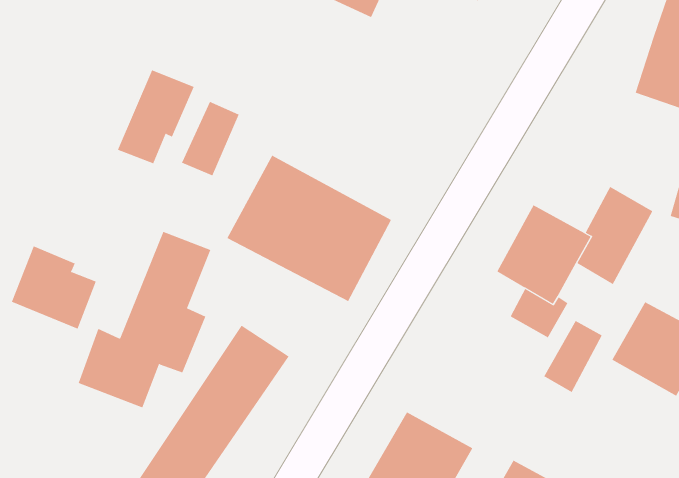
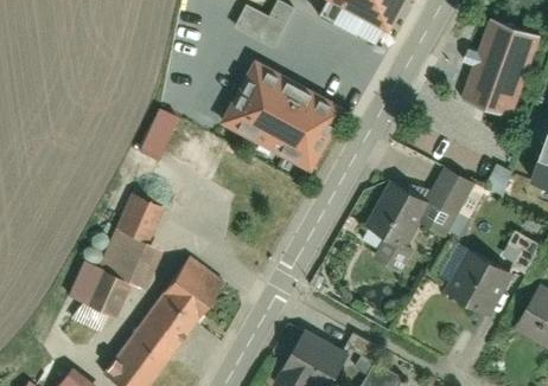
building: [117,69,195,164] -> none
building: [227,155,392,302] -> [219,64,337,168]
building: [11,245,96,330] -> none
building: [544,320,603,393] -> none

